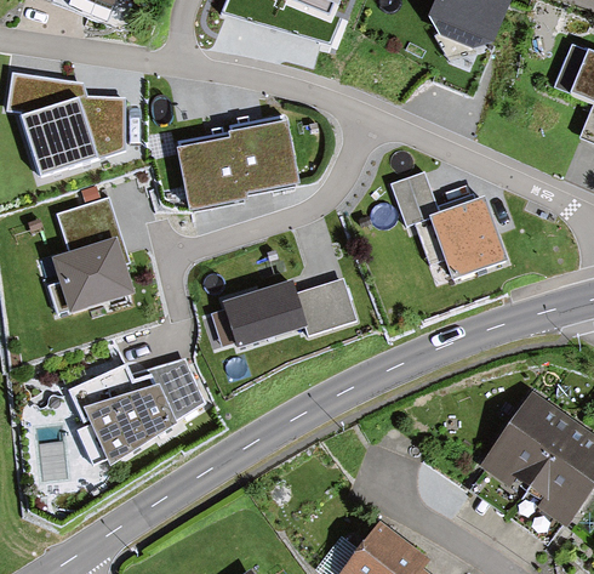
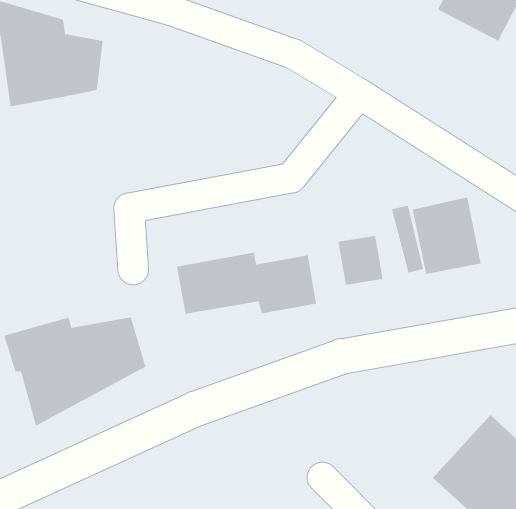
building: [182,124,295,208] -> none
building: [390,165,439,216] -> [337,235,384,285]
building: [51,200,132,314] -> none

